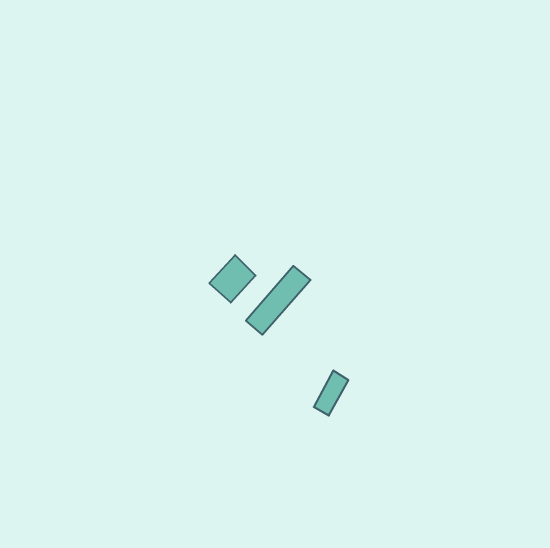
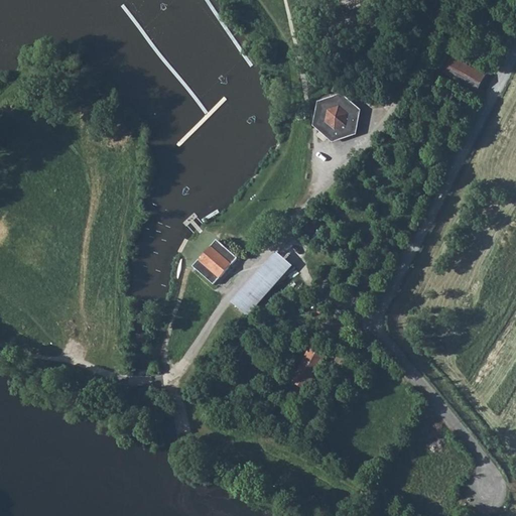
building: none -> [443,57,483,89]
building: none -> [316,96,359,141]

